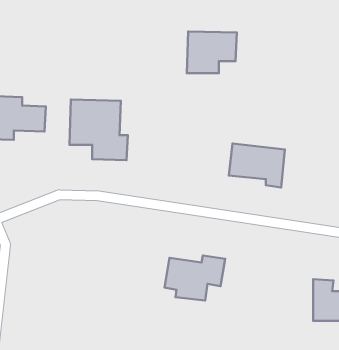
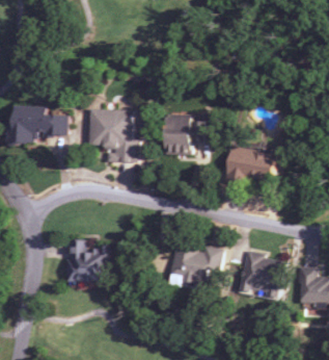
building: [187,31,237,73] -> [164,118,208,154]
building: none -> [67,239,108,281]
building: none -> [240,252,285,294]

